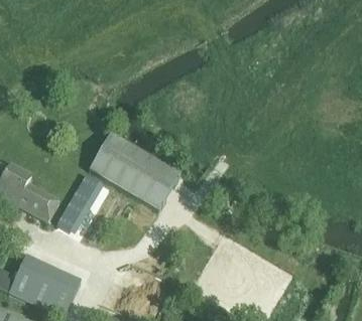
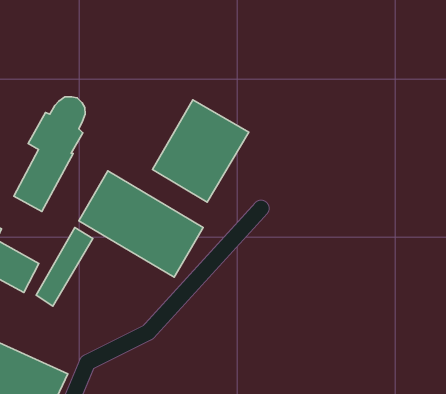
building: none -> [14,97,85,212]
building: none -> [152,100,249,202]

